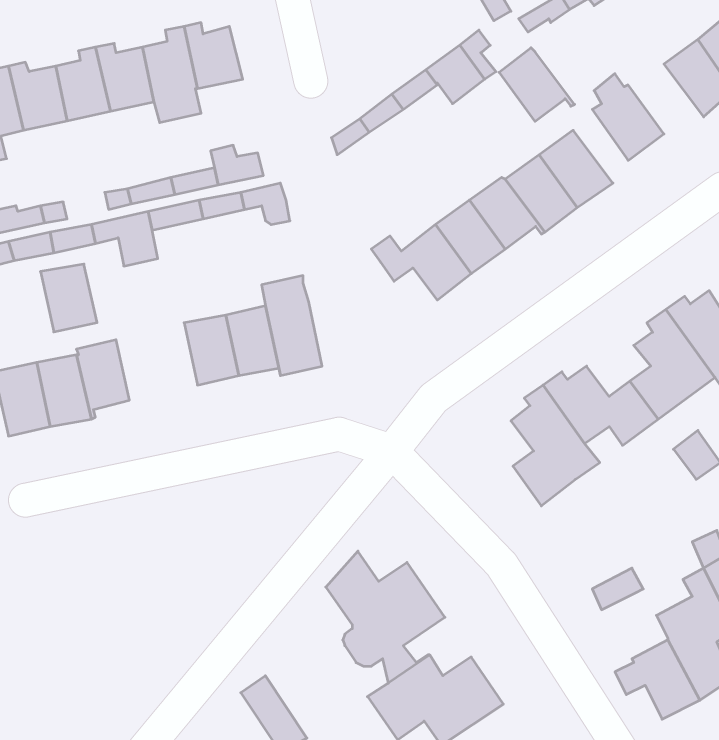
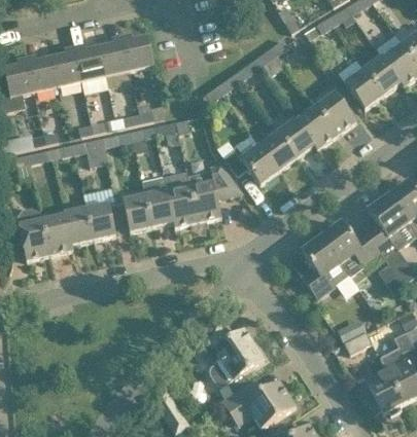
building: [499,48,575,121] -> [364,54,406,95]
building: none -> [187,163,242,221]
building: [40,264,97,332] -> [85,203,116,240]

